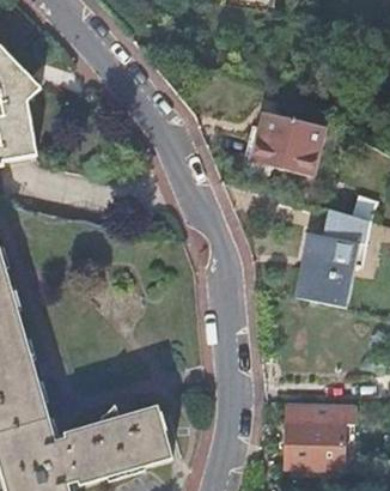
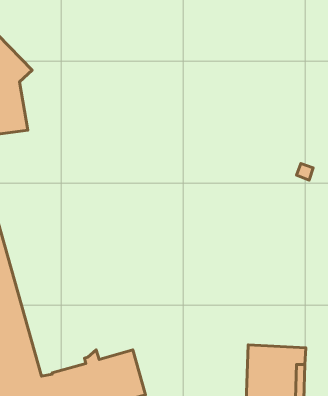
building: [251,114,323,176] -> none
building: [300,208,372,305] -> none

